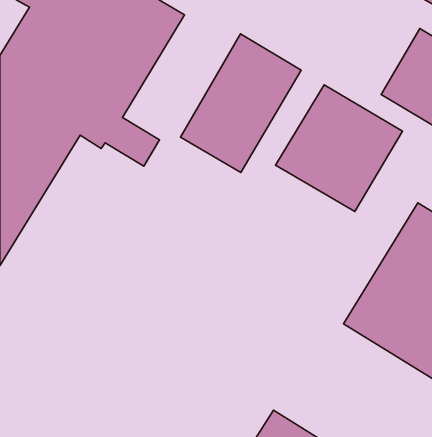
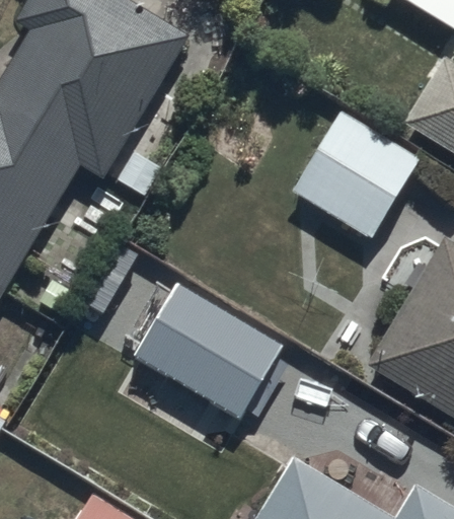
building: [180,34,301,173] -> none
building: none -> [131,281,288,423]

